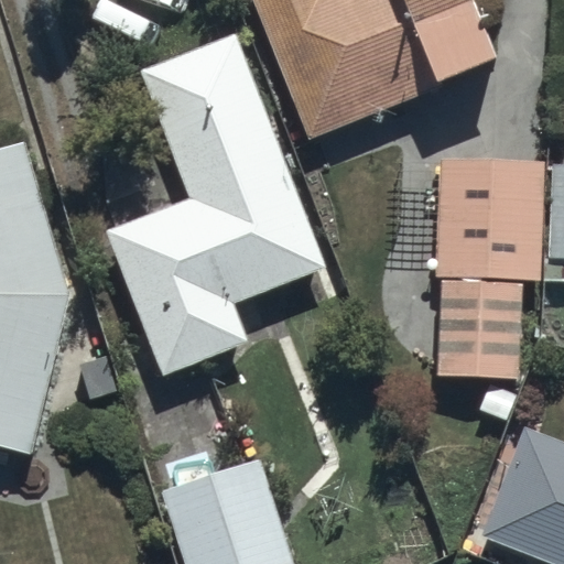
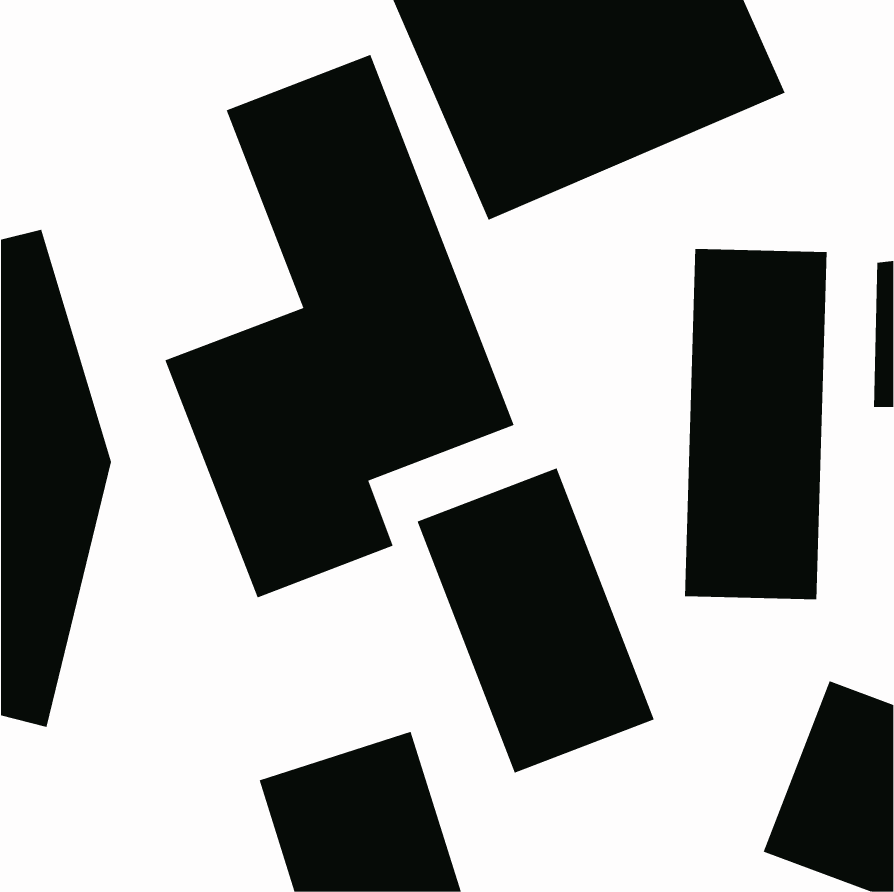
building: none -> [417,468,654,774]

